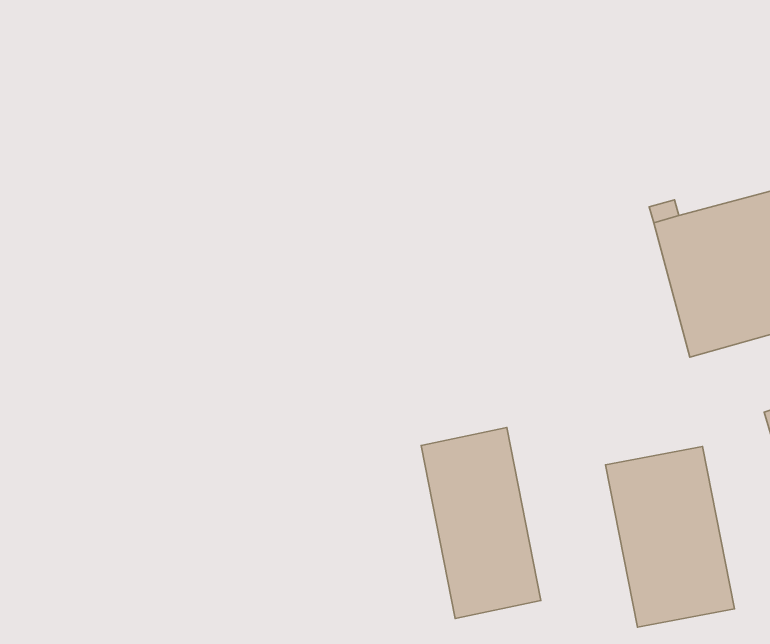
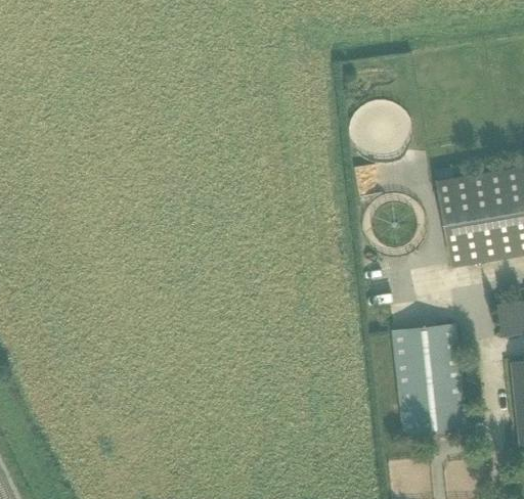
building: [421,428,541,618] -> none

